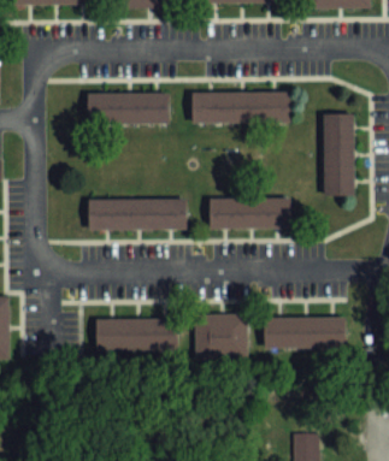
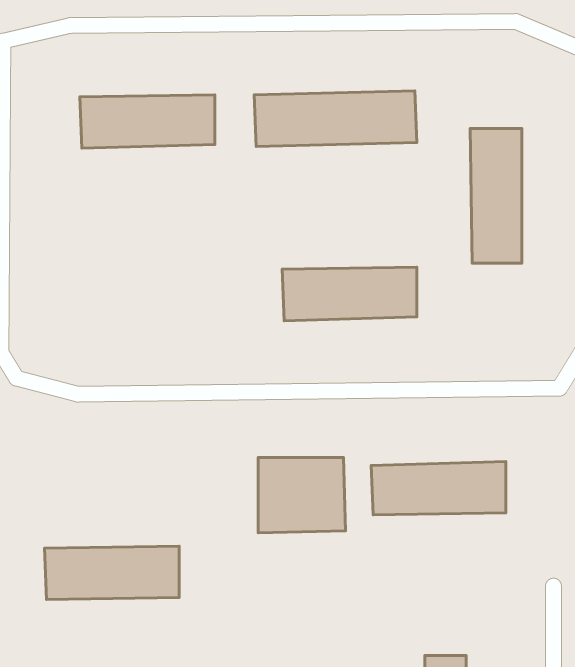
building: [88,197,185,230] -> none
building: [94,318,176,350] -> [44,546,179,600]

